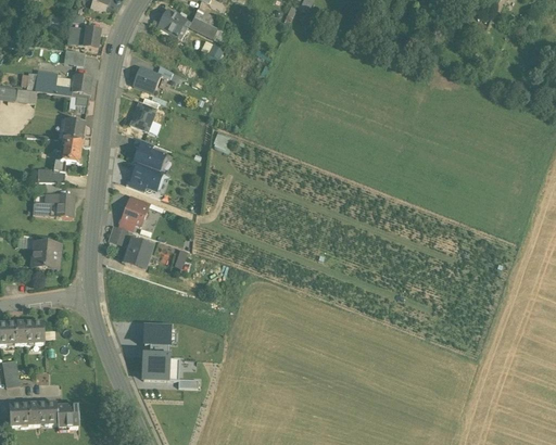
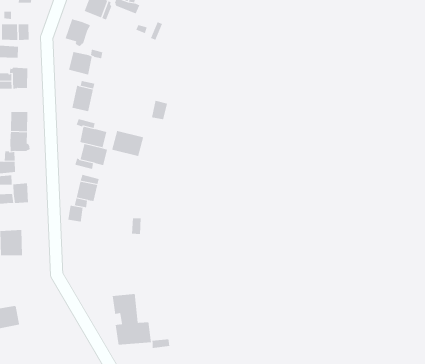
building: none -> [65,19,91,47]
building: none -> [112,130,144,157]
building: [124,238,152,268] -> none

